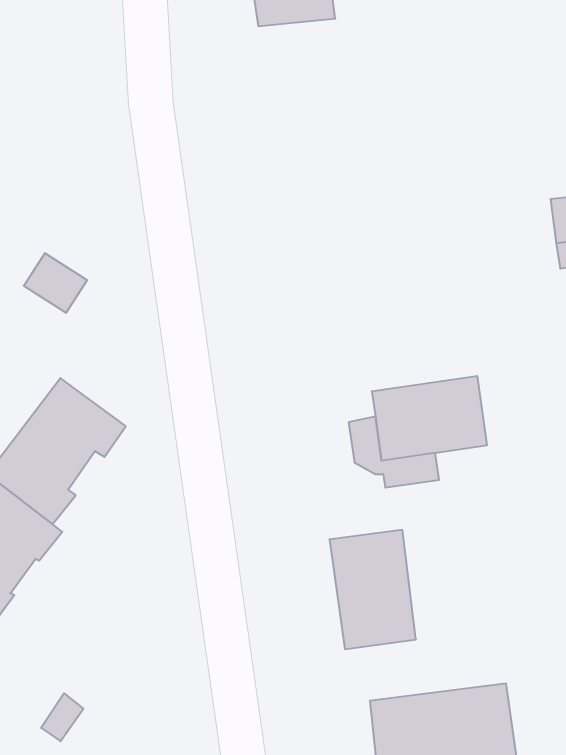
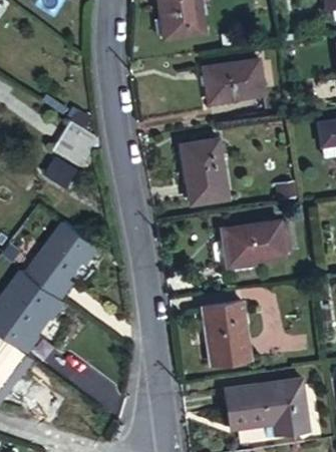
building: none -> [202,60,260,101]
building: none -> [53,118,99,165]
building: none -> [185,138,229,201]

